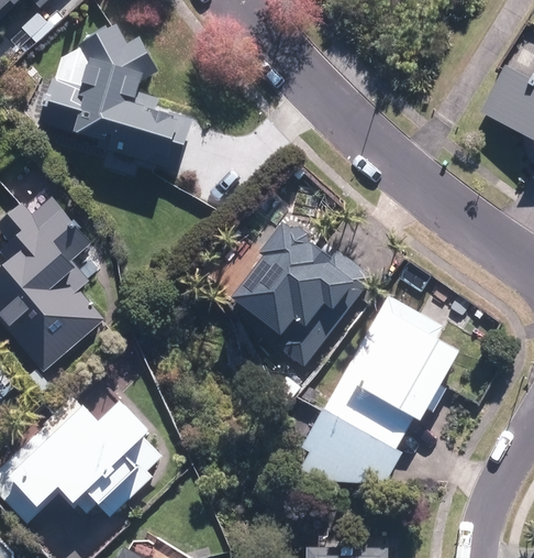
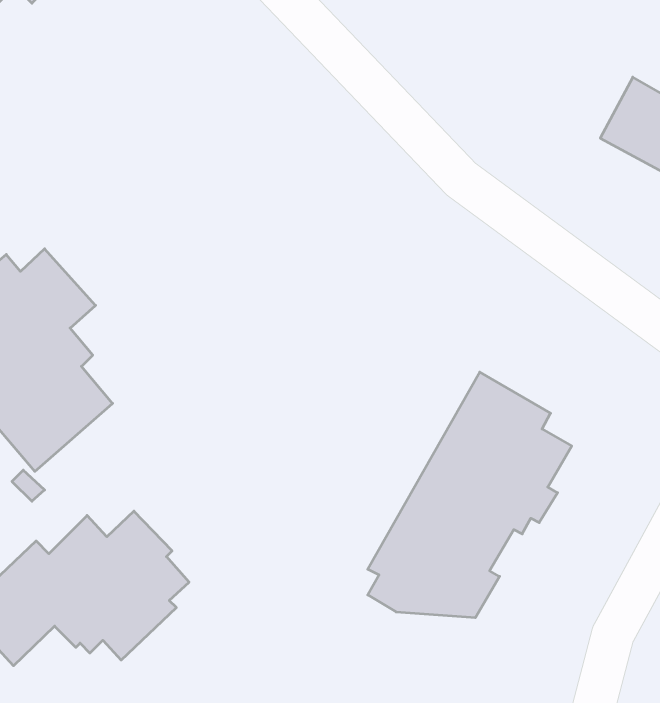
building: [37,23,192,169] -> none
building: [229,220,371,365] -> none

